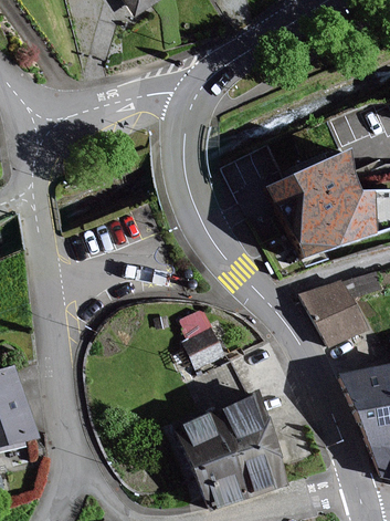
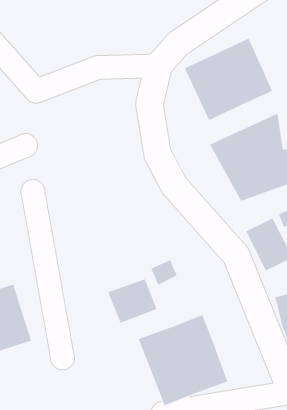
building: none -> [184,38,273,121]
building: none -> [108,278,157,323]

